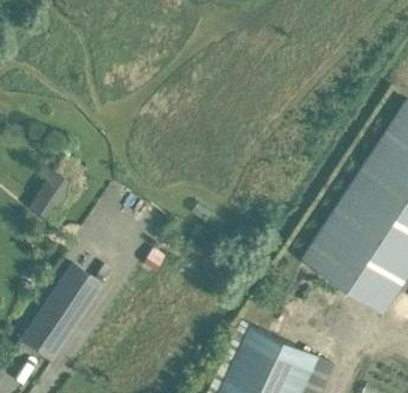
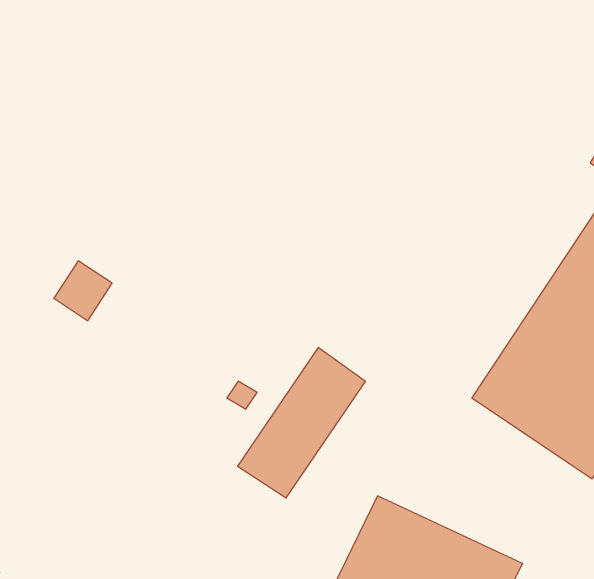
building: [20,264,102,361] -> [237,348,365,498]

